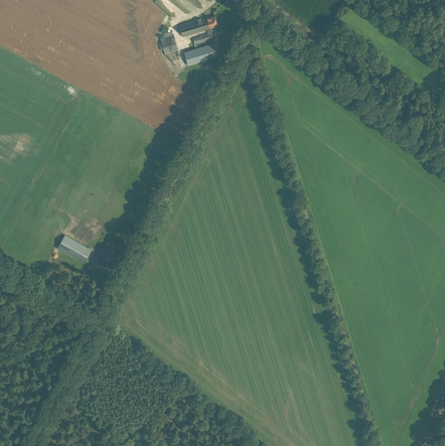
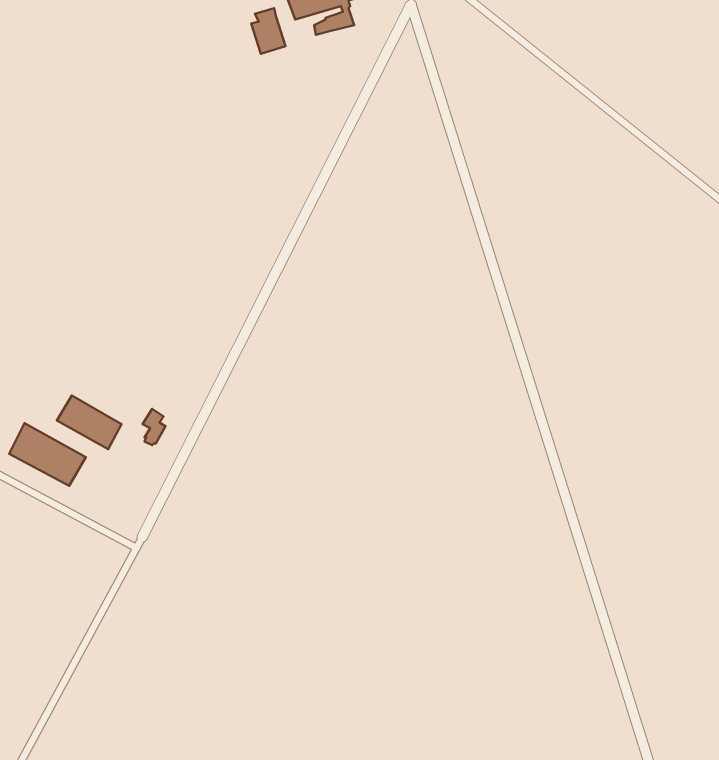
building: [183,43,216,65] -> none
building: none -> [9,423,86,486]

